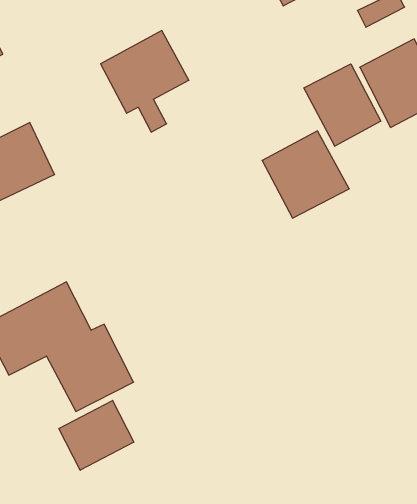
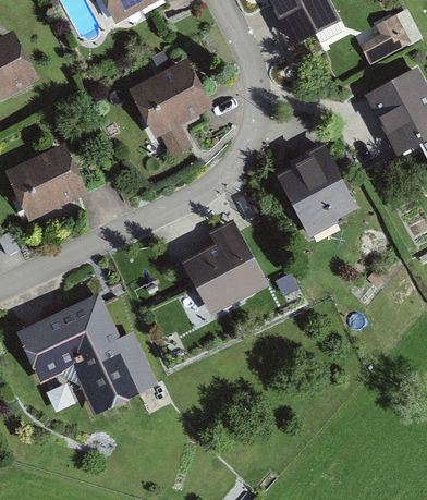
building: [304,64,381,146] -> none
building: none -> [180,227,261,308]
building: [59,400,134,470] -> none

